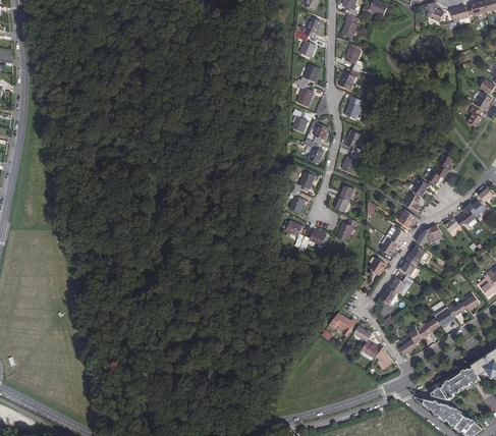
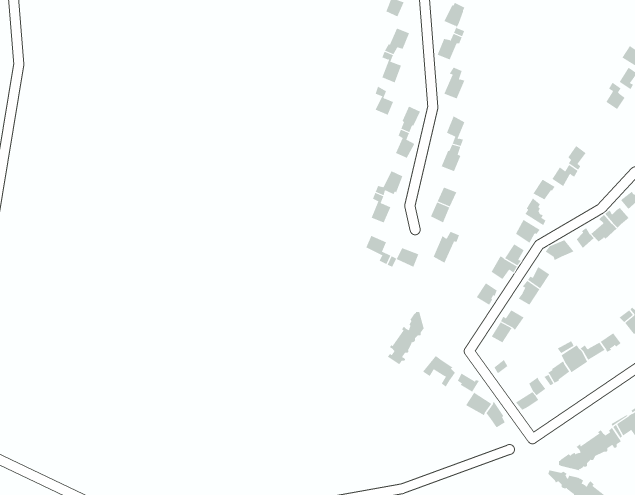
building: none -> [387,311,425,365]

